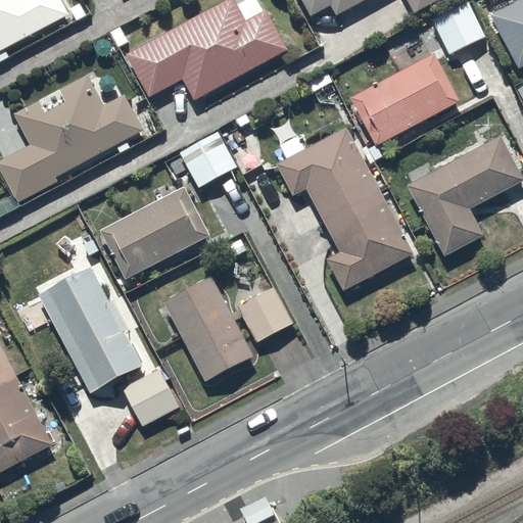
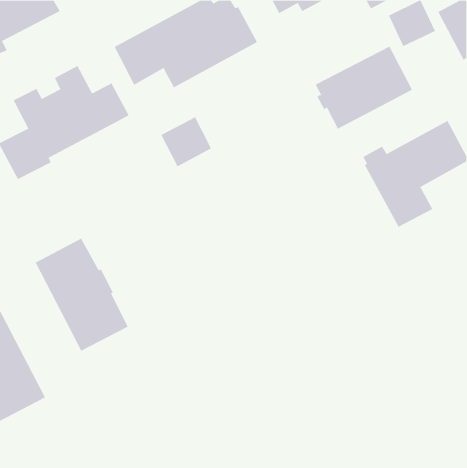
building: [268,113,414,290] -> none
building: [100,187,208,279] -> none
building: [162,275,253,381] -> none
building: [237,286,293,342] -> none
building: [122,367,180,426] -> none

